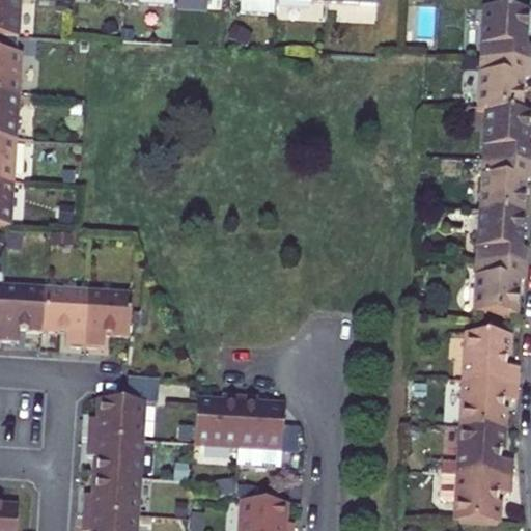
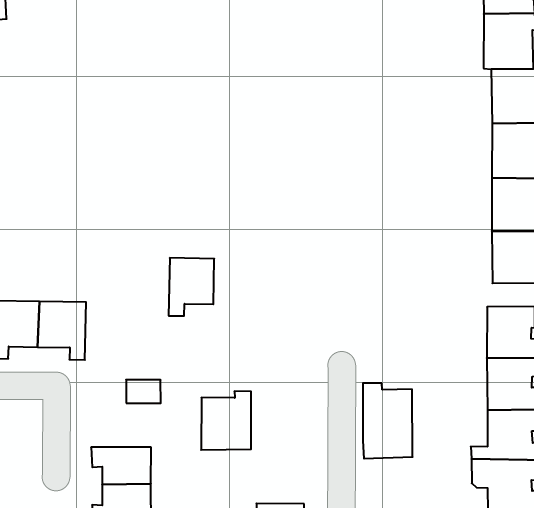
building: [88,299,134,354] -> [169,258,214,316]
building: [239,391,287,463] -> [363,383,413,459]
building: [89,397,147,438] -> none

